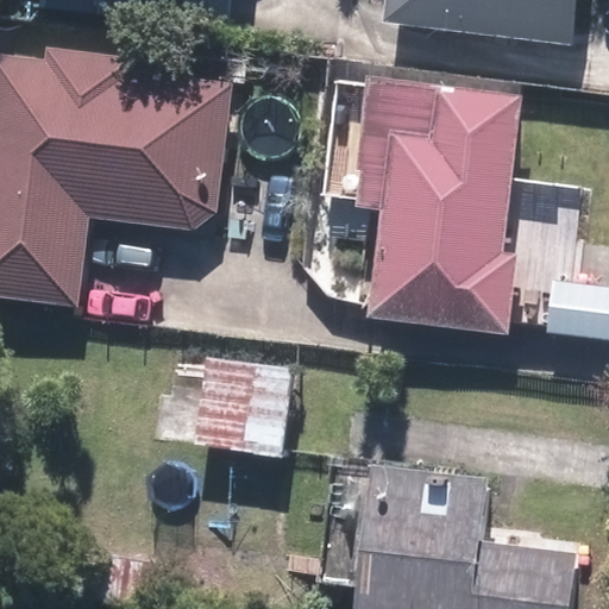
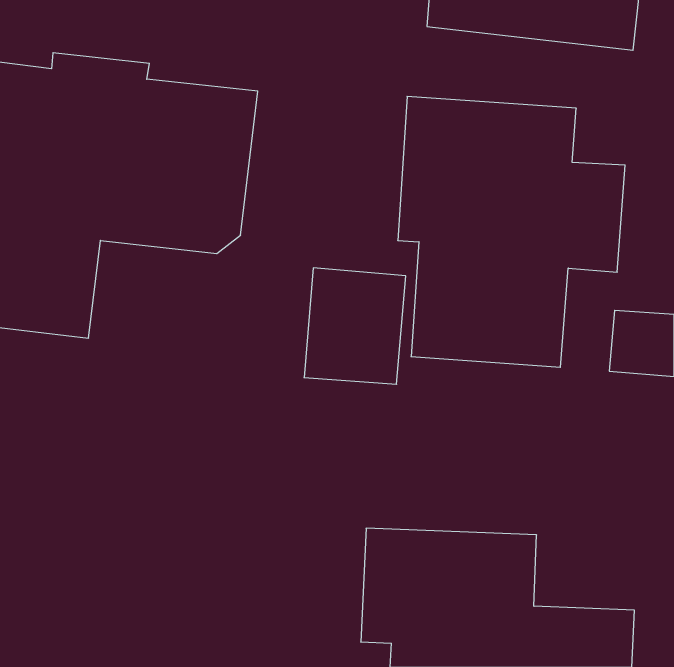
building: [197,350,289,454] -> [304,268,406,384]

